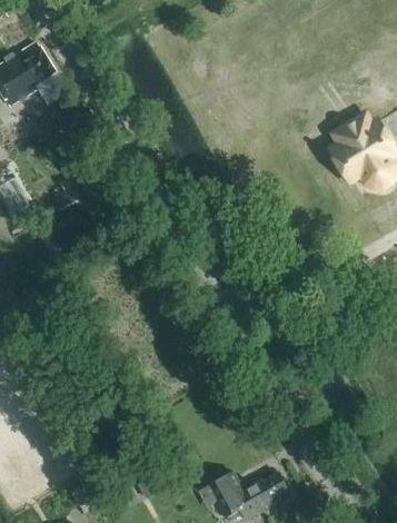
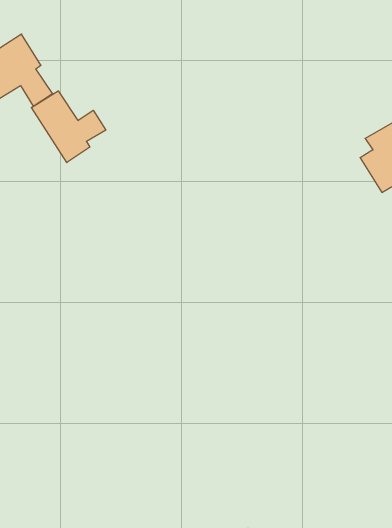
building: none -> [31,91,106,163]

